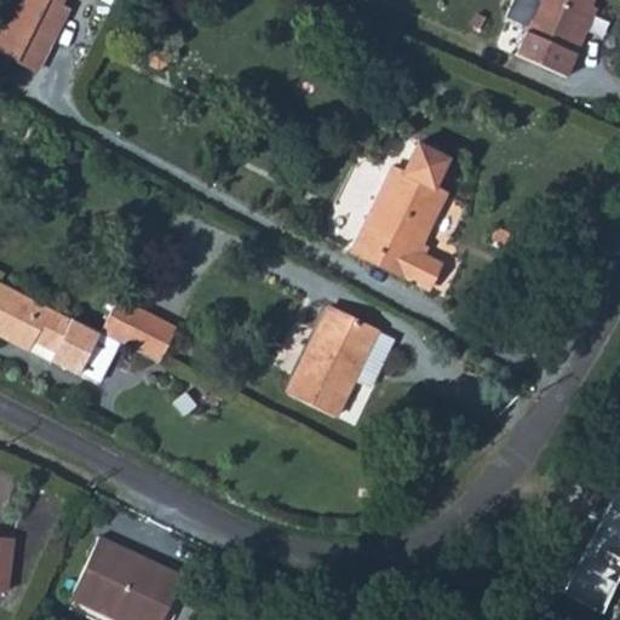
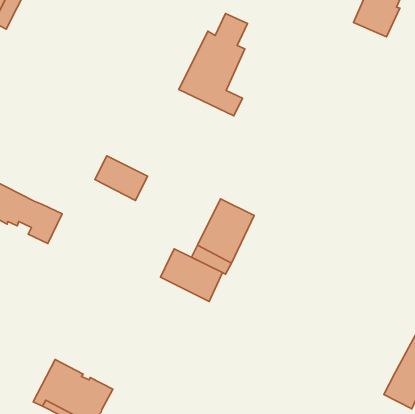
building: [352,143,450,289] -> [179,13,247,116]
building: [103,297,178,361] -> [95,156,148,201]
building: none -> [161,249,222,302]

